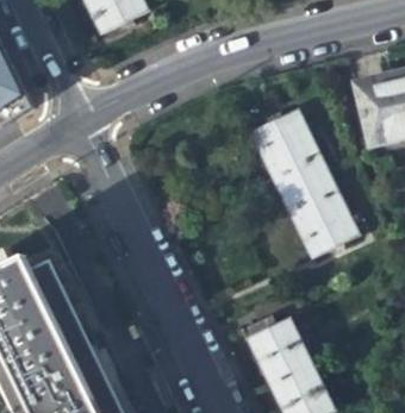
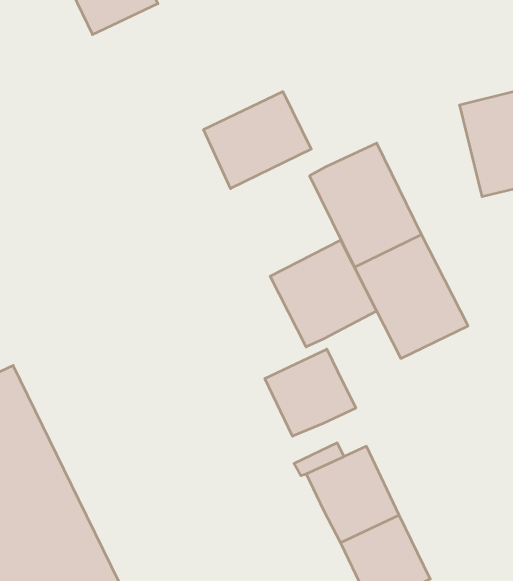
building: none -> [204,92,311,189]
building: none -> [270,240,376,347]
building: none -> [265,349,356,436]

